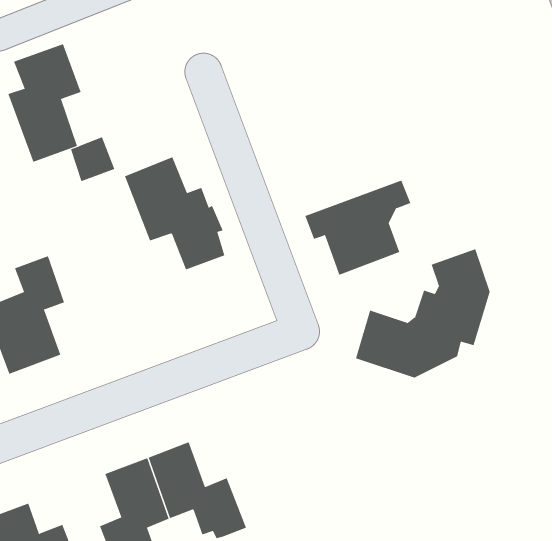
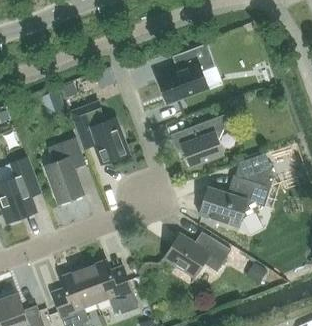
building: [8,43,82,162] -> [44,138,85,204]
building: none -> [158,44,215,102]
building: none -> [163,234,230,278]

